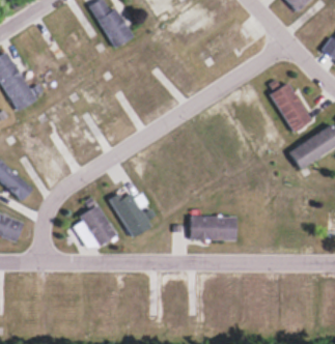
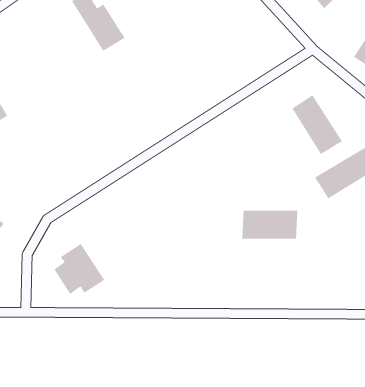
building: [109,189,151,237] -> none
building: [189,217,235,240] -> [242,210,298,239]

